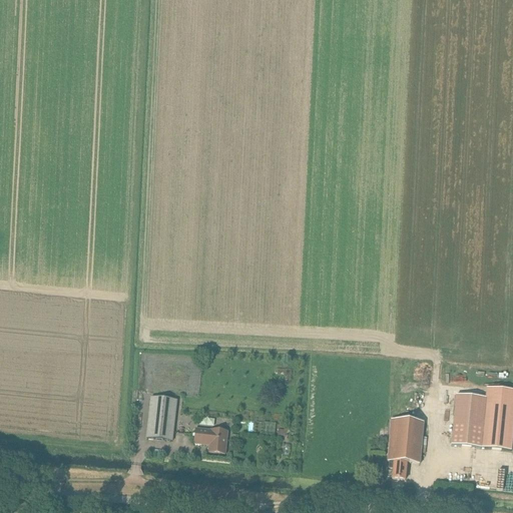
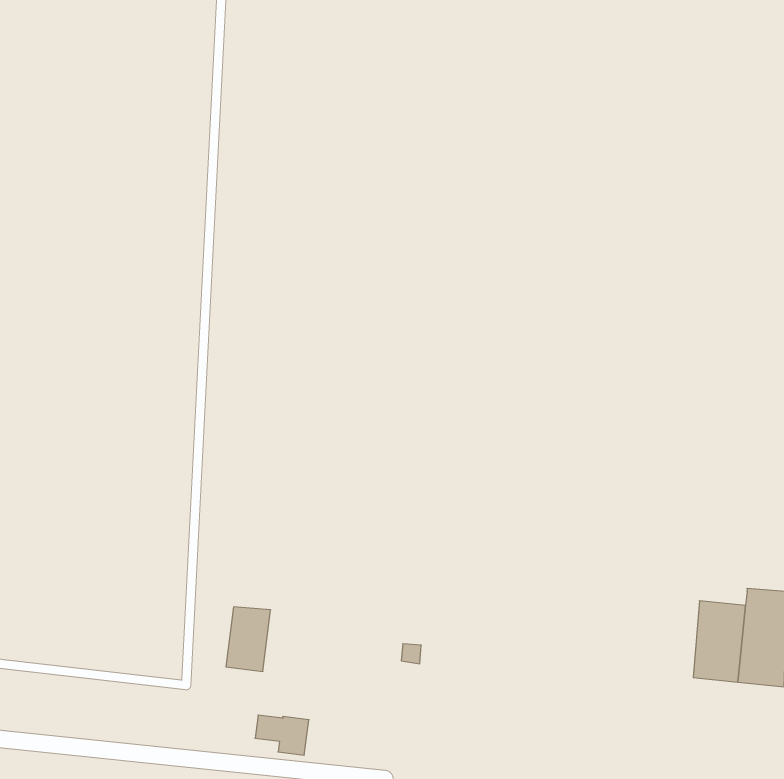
building: [389,418,428,477] -> none
building: [194,426,229,452] -> [255,715,309,755]

